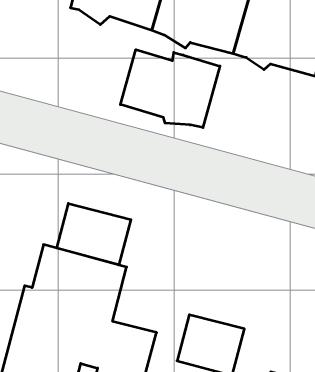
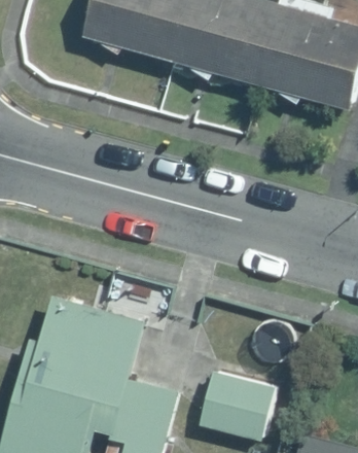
building: [120,50,220,128] -> none
building: [57,203,131,265] -> none

